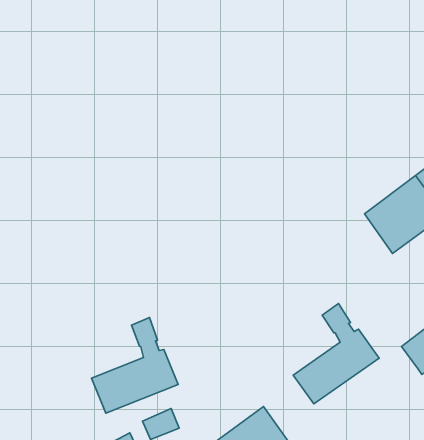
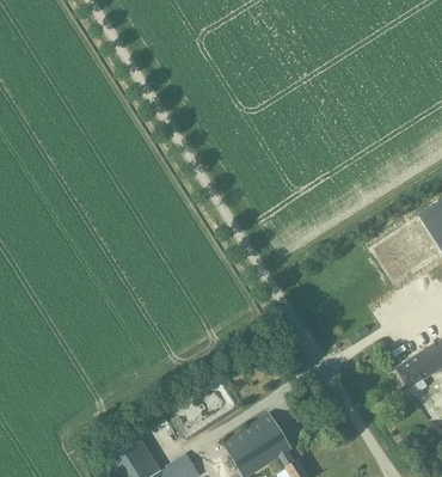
building: [293,303,379,404] -> none
building: [92,318,178,413] -> none

